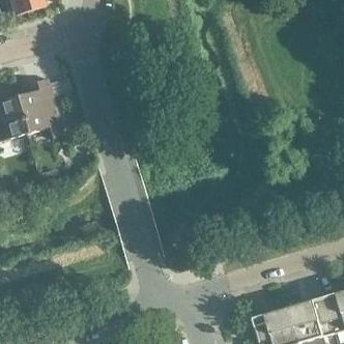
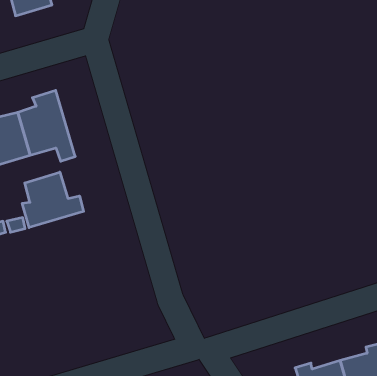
building: none -> [22,172,84,228]

